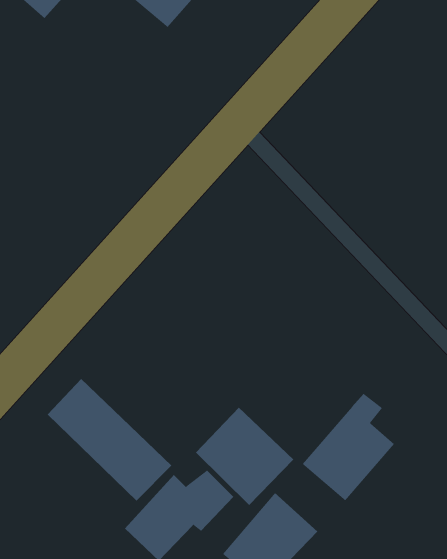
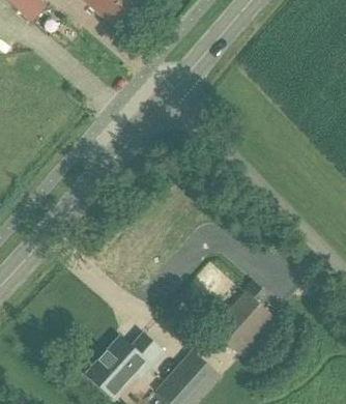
building: [47,378,172,501] -> none
building: [195,407,294,506] -> none

